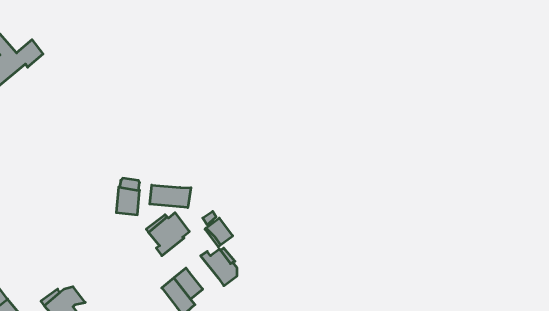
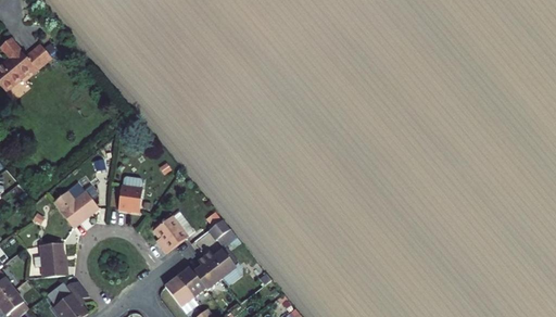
building: [150,185,191,208] -> none
building: none -> [51,188,98,232]
building: none -> [39,249,68,283]
building: none -> [192,254,220,288]

